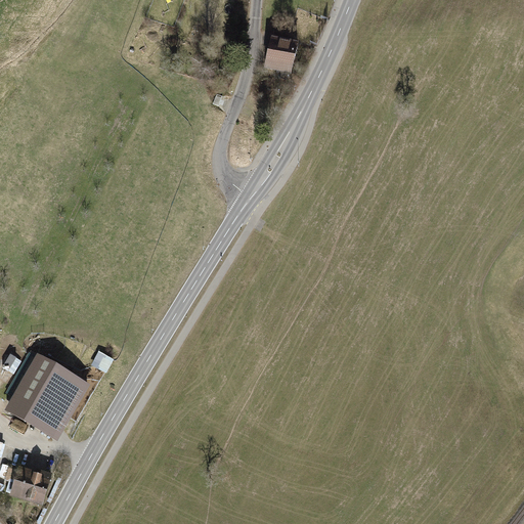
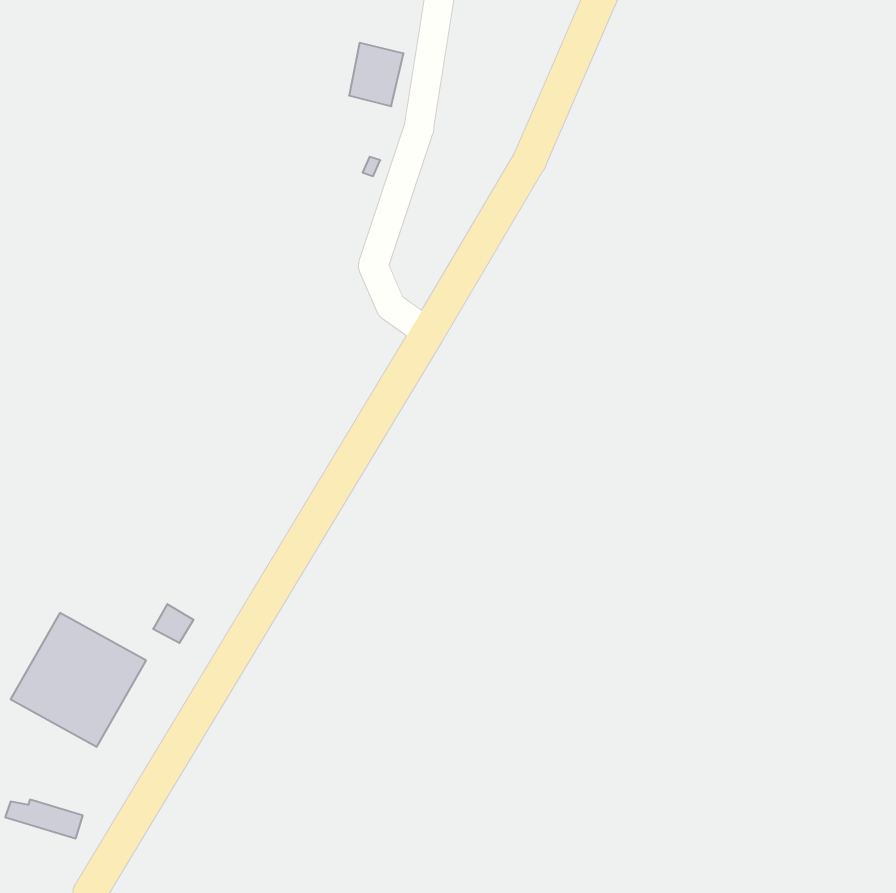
building: [264,36,296,73] -> [349,43,404,106]
building: [9,478,44,501] -> none

